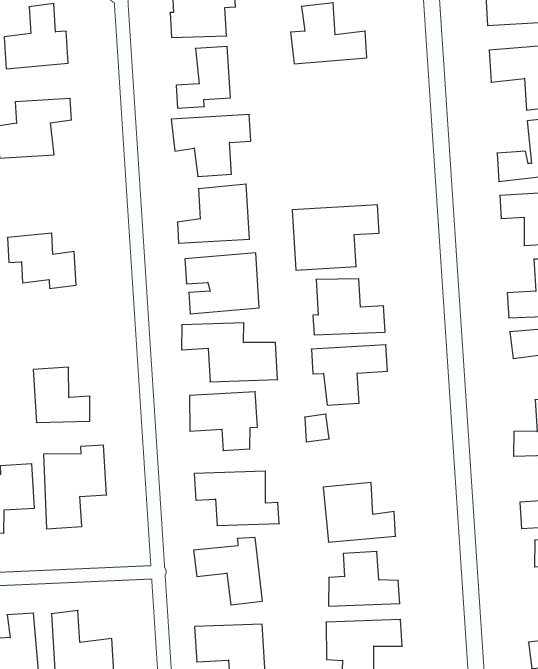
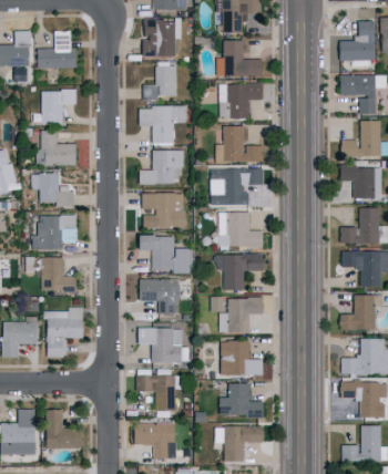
building: none -> [219,83,263,118]
building: none -> [224,126,264,162]
building: none -> [40,131,76,165]
building: none -> [35,215,76,249]
building: none -> [219,298,263,333]

